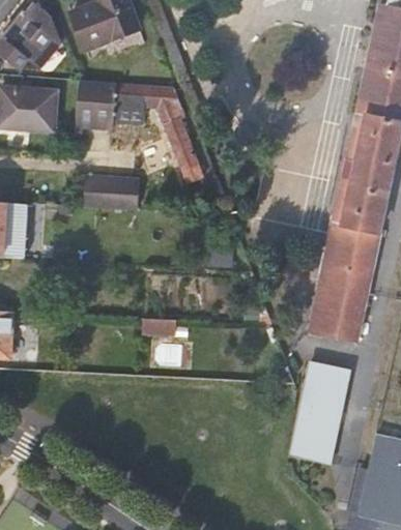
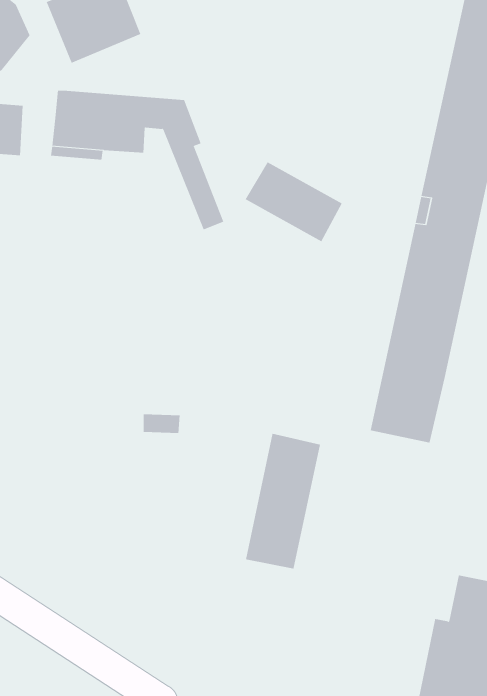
building: none -> [245,162,343,242]
building: [76,177,140,210] -> none
building: [293,362,349,463] -> [245,433,321,569]

